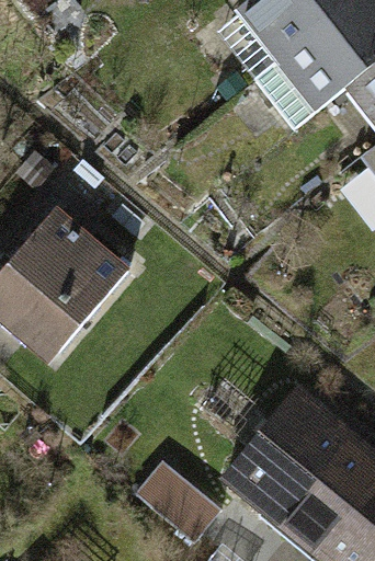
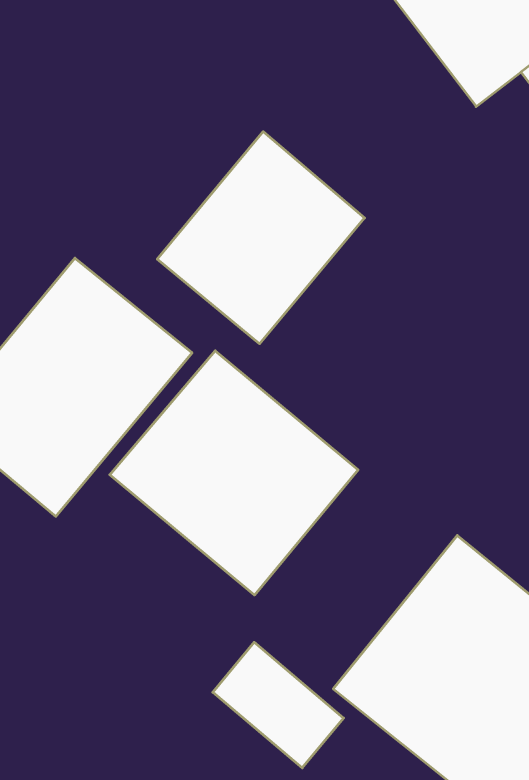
building: none -> [157,132,365,344]
building: none -> [110,351,358,595]

